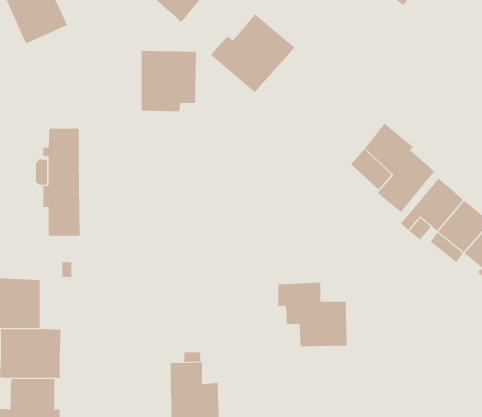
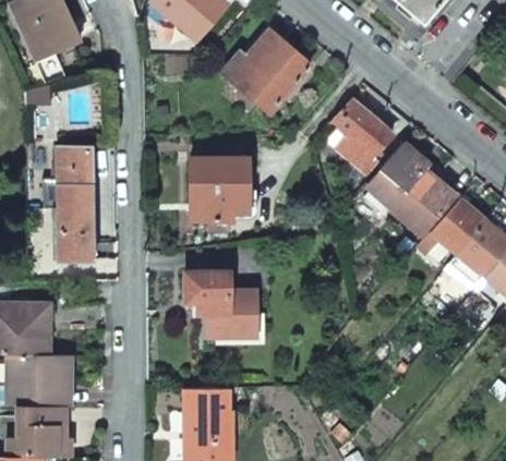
building: [141,50,197,112] -> [192,157,250,220]
building: none -> [333,98,393,172]
building: [277,282,348,347] -> [185,270,257,337]

